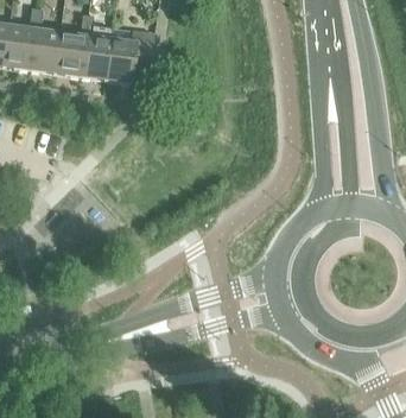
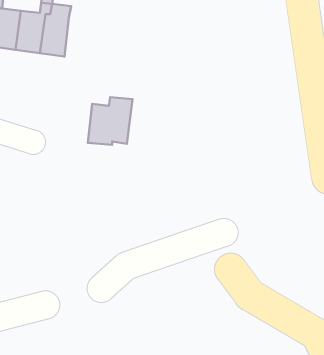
building: [104,30,152,81] -> [88,97,132,145]

